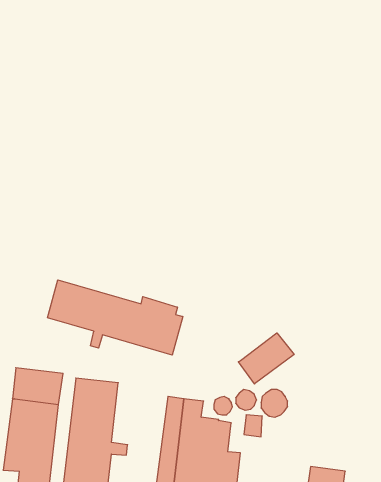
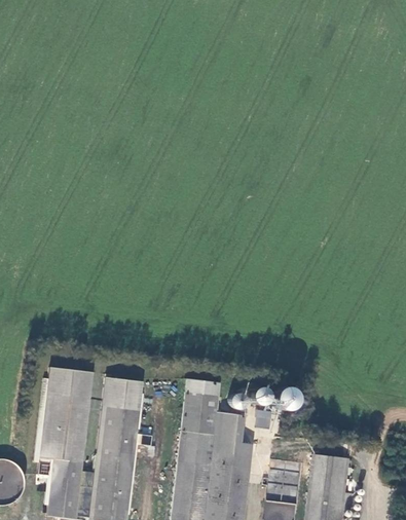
building: [48,280,183,355] -> none
building: [238,333,294,384] -> none
building: none -> [185,379,220,397]

